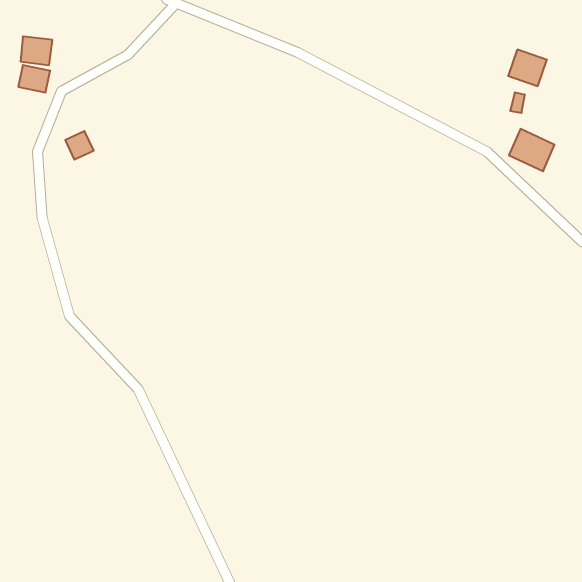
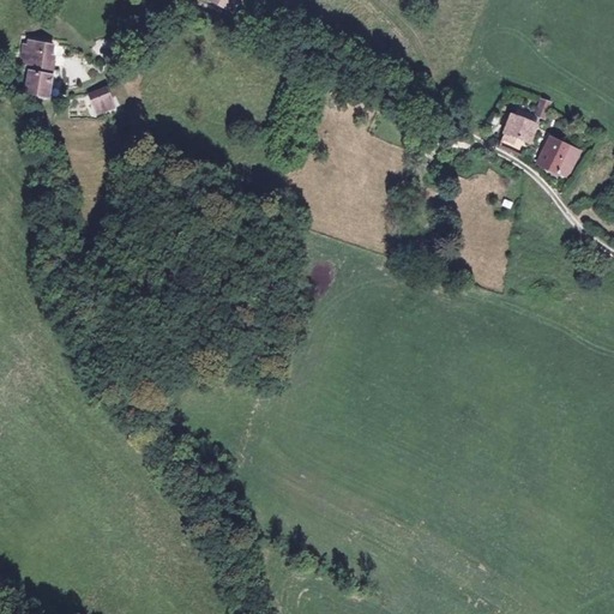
building: [508,50,547,86] -> [500,113,541,151]
building: [65,131,94,160] -> [85,83,115,113]

